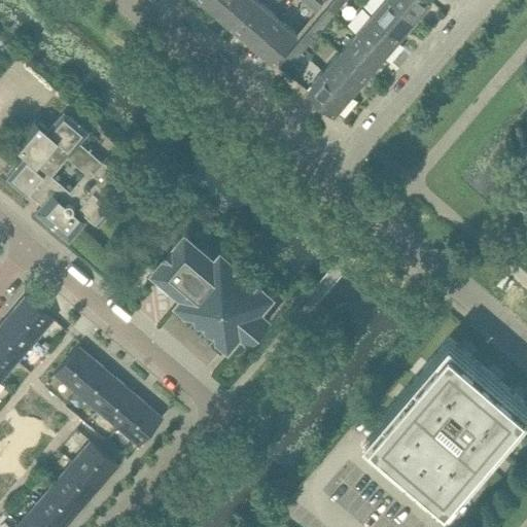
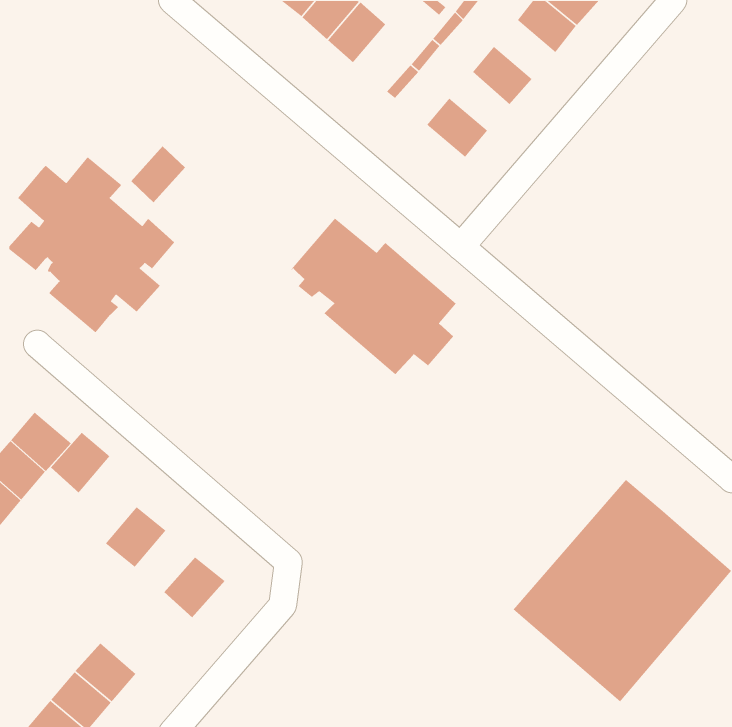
building: [354,19,398,61] -> none
building: [253,22,296,66] -> none
building: [322,56,365,98] -> none
building: none -> [130,145,186,203]
building: [151,238,271,351] -> [290,217,457,375]
building: [55,350,98,394] -> [50,432,110,493]
building: [97,385,140,429] -> none
building: [72,444,116,488] -> none

